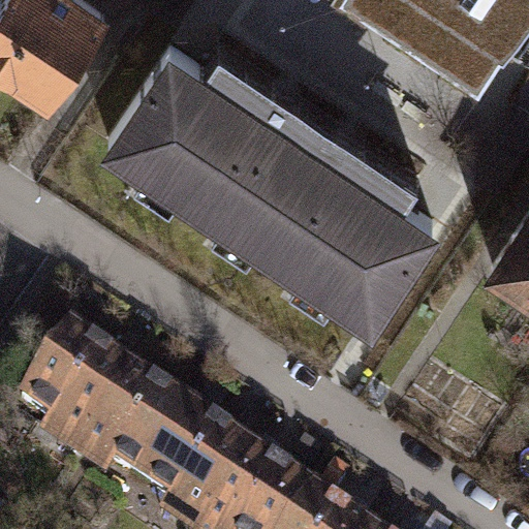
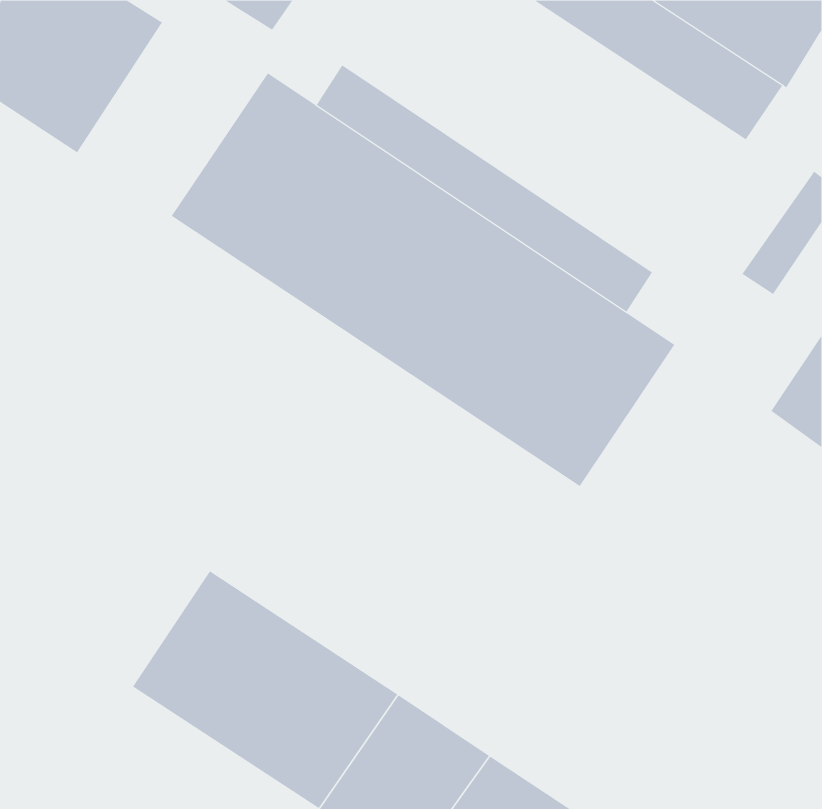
building: [23,335,134,449] -> none

